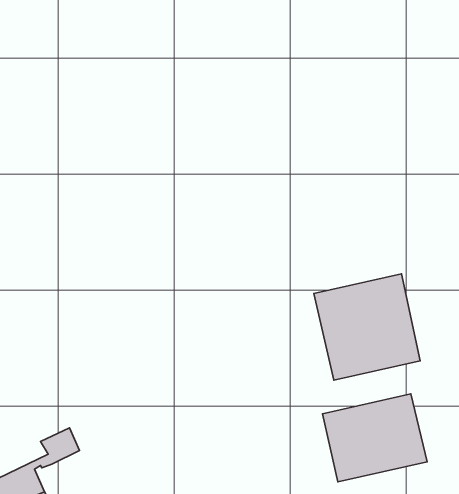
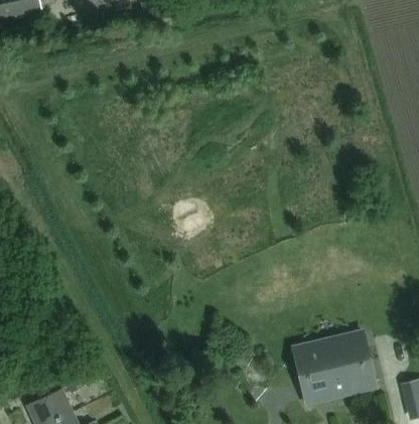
building: [314,274,420,380] -> none

